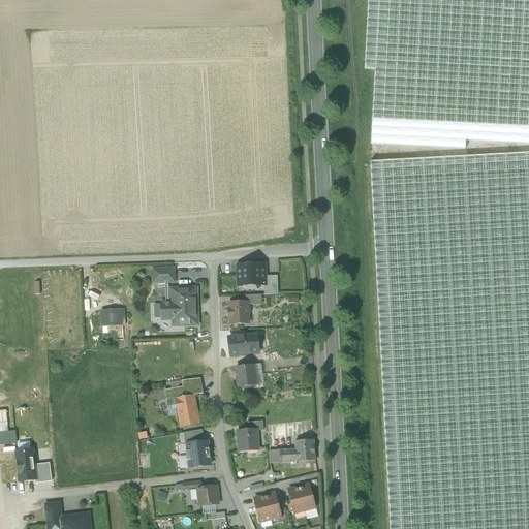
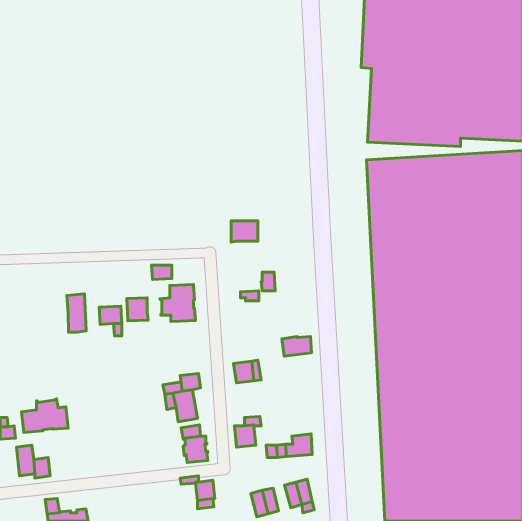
building: [239,263,266,285] -> [231,221,258,242]
building: none -> [67,294,86,332]
building: [229,301,250,323] -> none
building: none -> [127,298,148,321]
building: [229,335,259,354] -> [282,337,312,356]
building: none -> [22,399,68,432]

